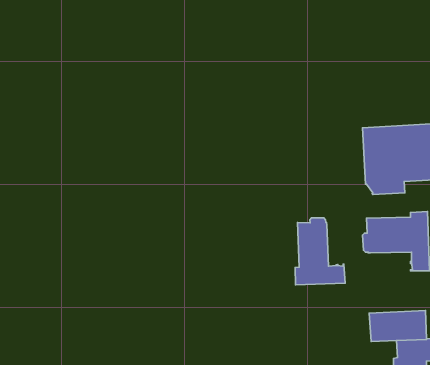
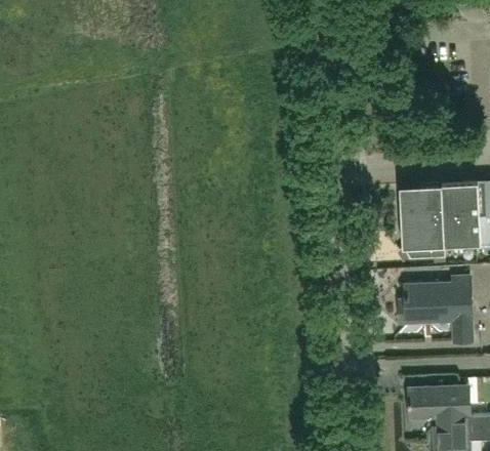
building: [295,218,345,285] -> none

